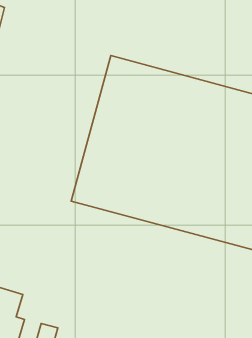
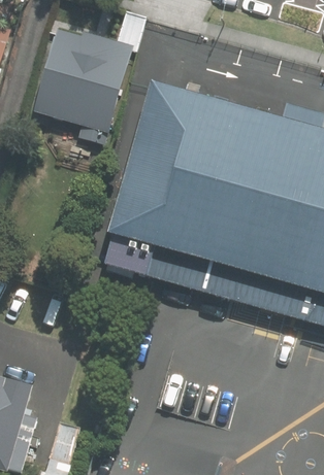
building: none -> [33,22,134,139]

